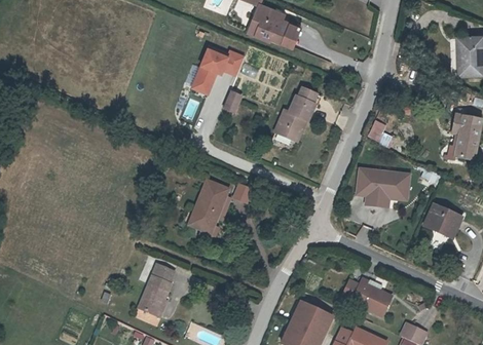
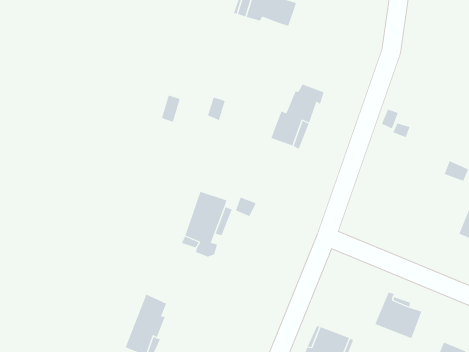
building: [188,47,243,95] -> none
building: [352,166,409,207] -> none

